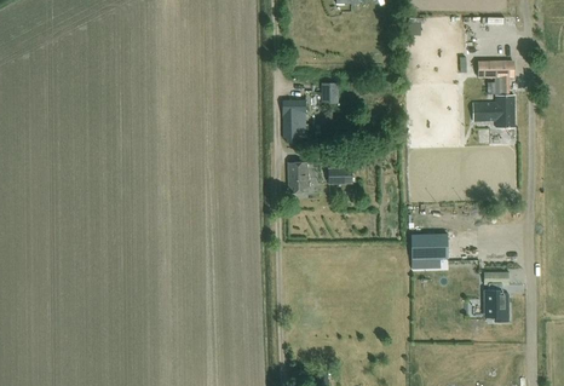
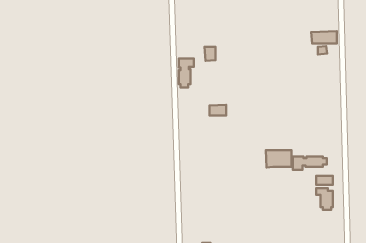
building: [472,93,514,128] -> none
building: [288,162,307,194] -> none
building: none -> [293,157,327,170]

